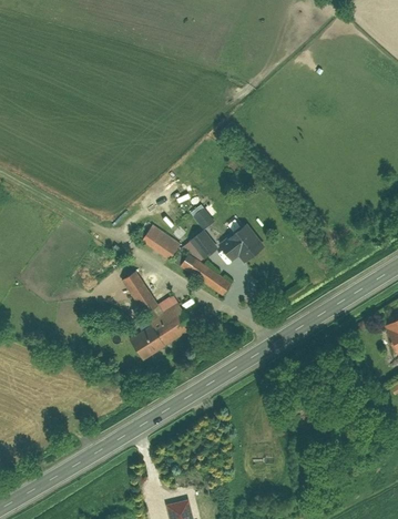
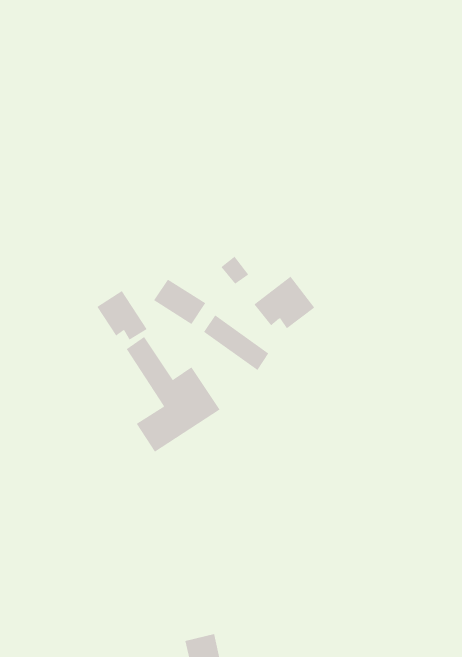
building: [191,230,220,260] -> none
building: none -> [96,290,147,340]

